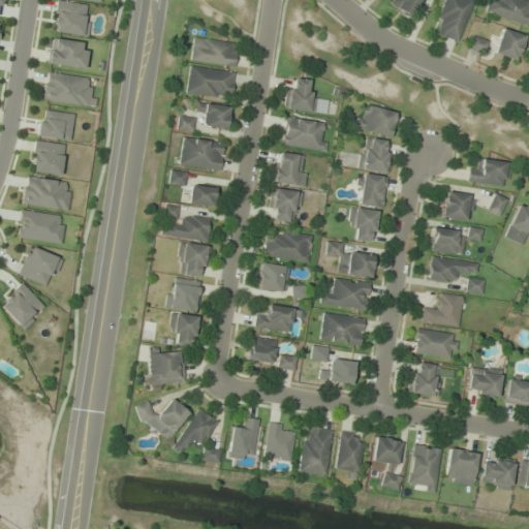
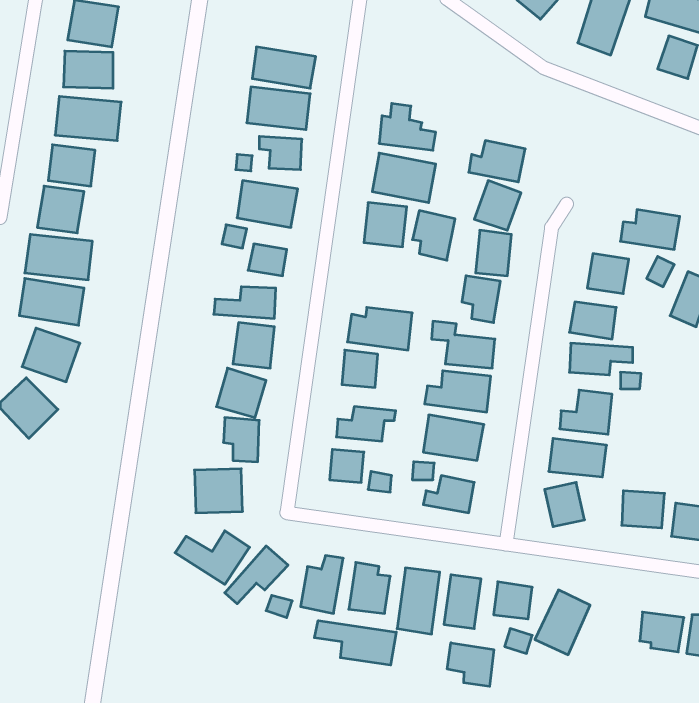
building: [271,186,303,223] -> [412,211,455,260]
building: [447,449,478,484] -> none
building: none -> [314,621,396,665]
building: none -> [447,643,494,686]

